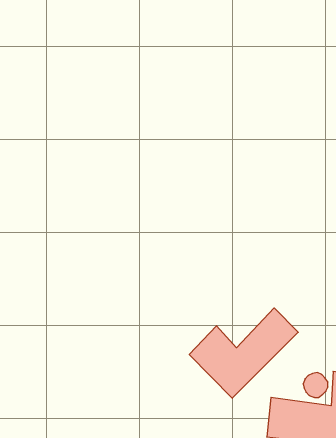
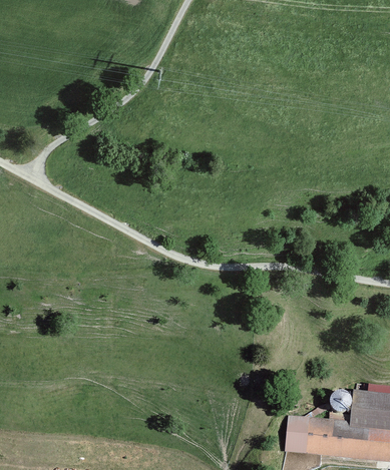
building: [189,308,298,398] -> none

